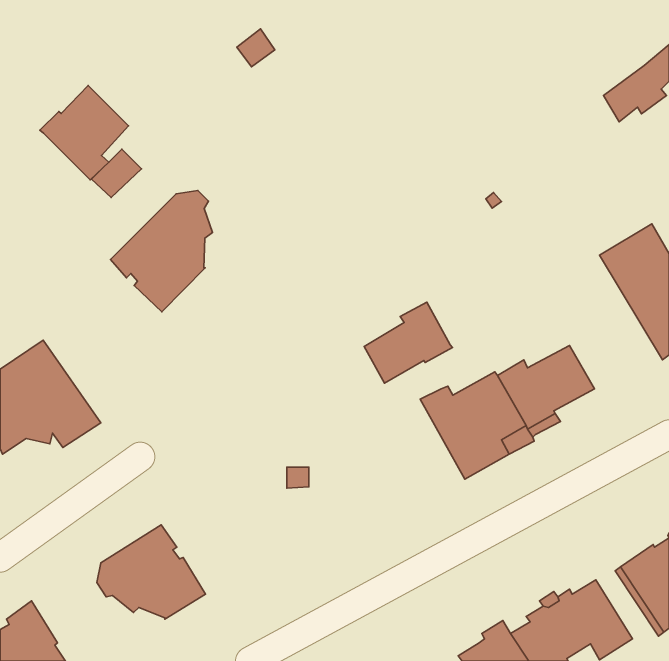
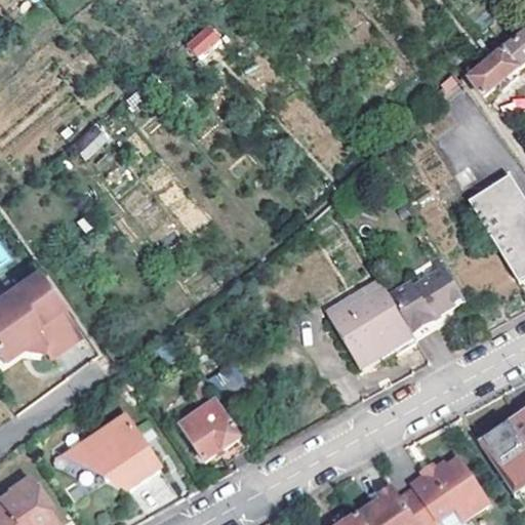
building: [40,85,128,180] -> none
building: [111,190,212,312] -> none
building: [364,302,453,383] -> none
building: none -> [183,374,242,456]

